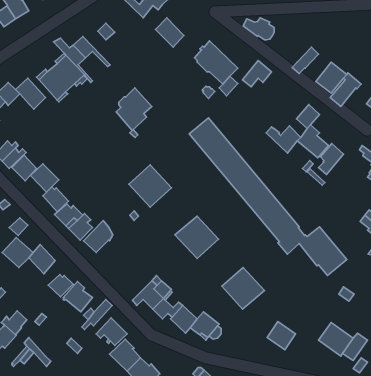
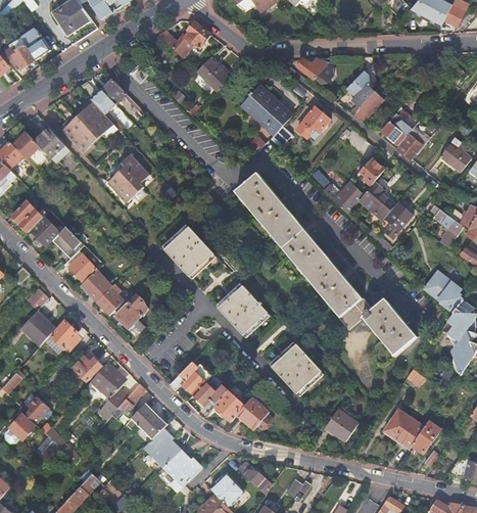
building: none -> [346,69,376,108]
building: [116,88,152,130] -> [108,152,149,201]

